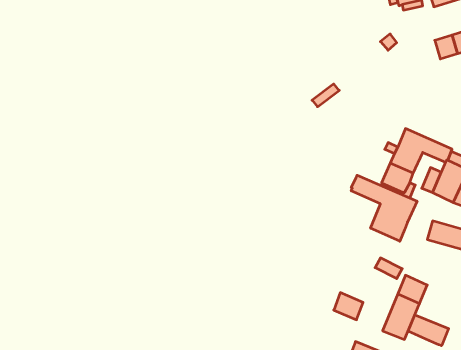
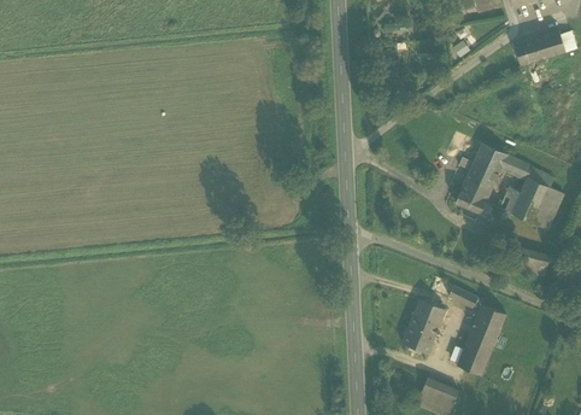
building: [351,175,417,241] -> none
building: none -> [409,302,445,337]
building: [408,315,449,346] -> none

